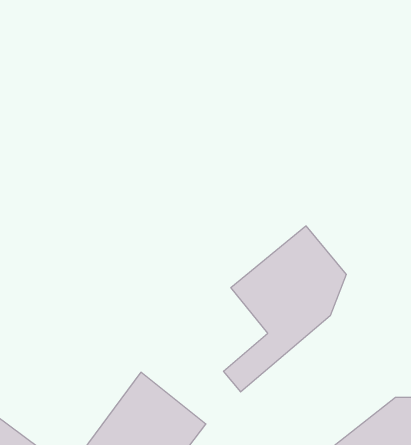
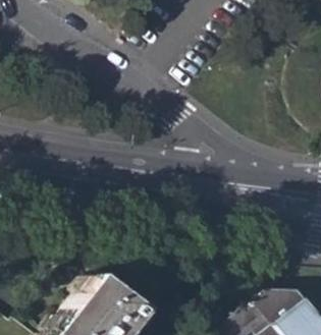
building: [224,226,346,392] -> none

